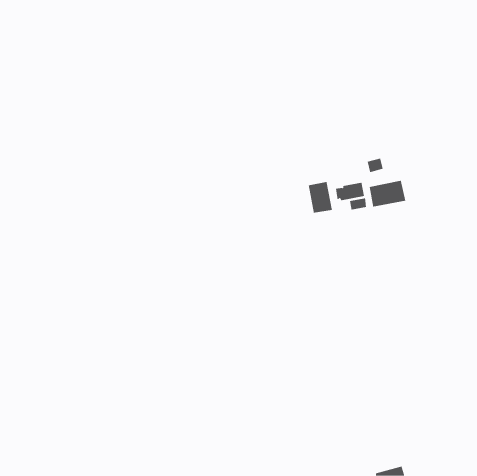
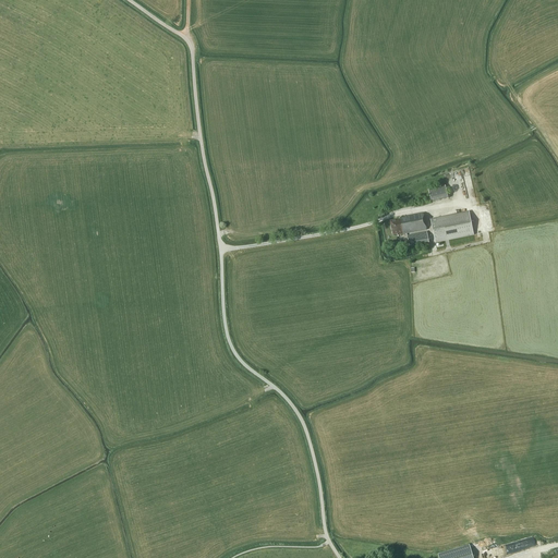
building: [308,181,333,213] -> none

